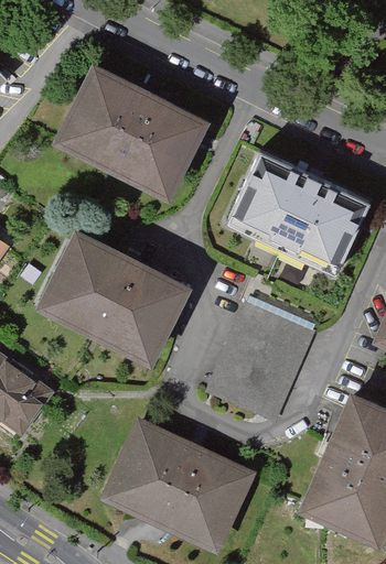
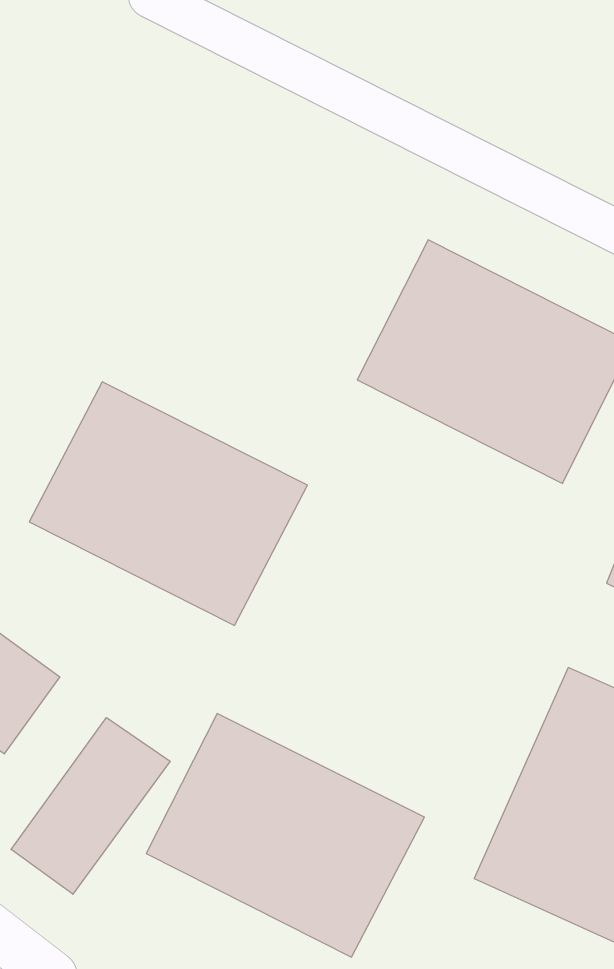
building: [55,59,214,199] -> none
building: [205,304,314,424] -> none
building: none -> [11,718,170,894]

